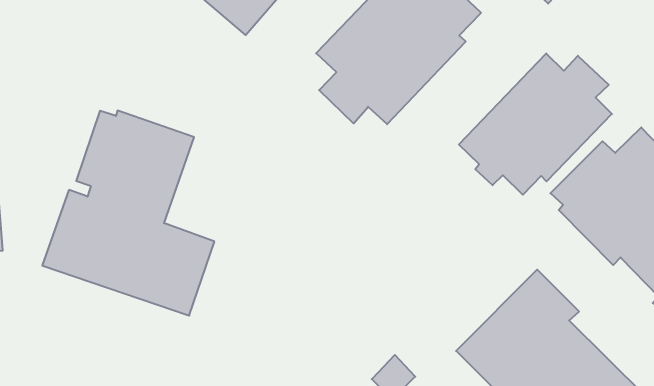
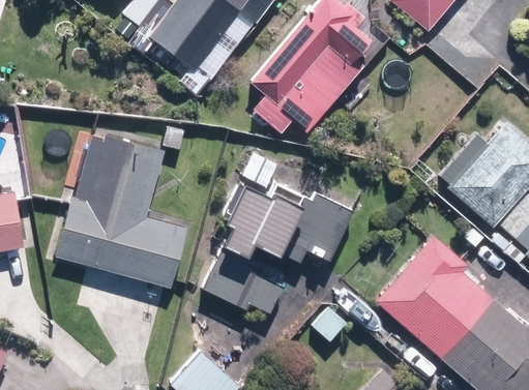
building: [459,53,612,195] -> none
building: none -> [204,182,352,313]

